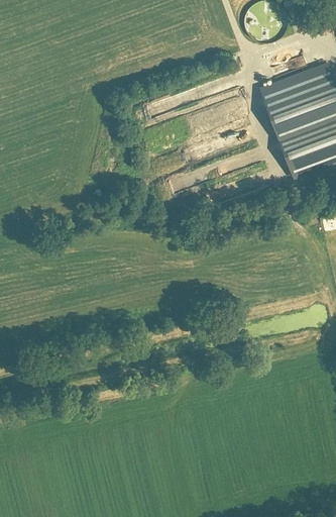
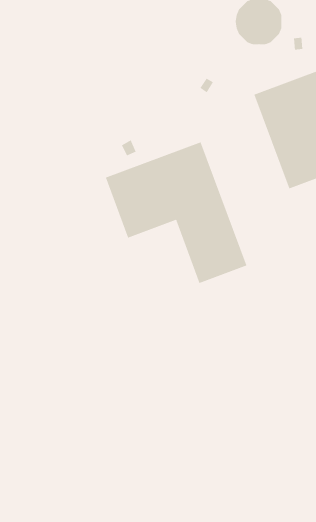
building: none -> [105,141,247,284]

